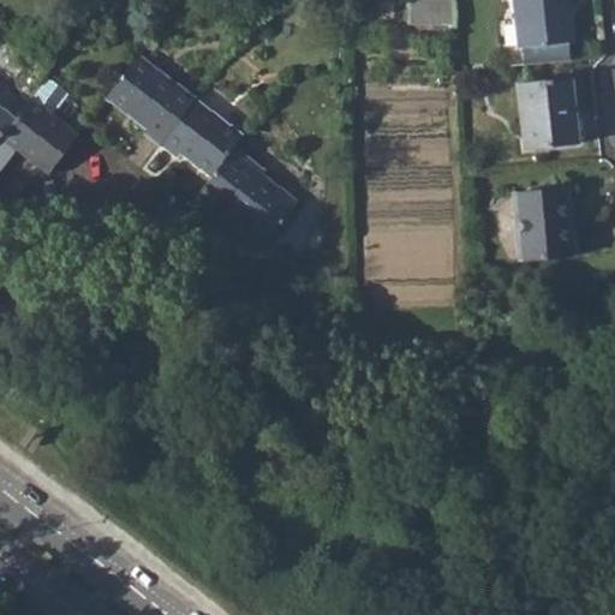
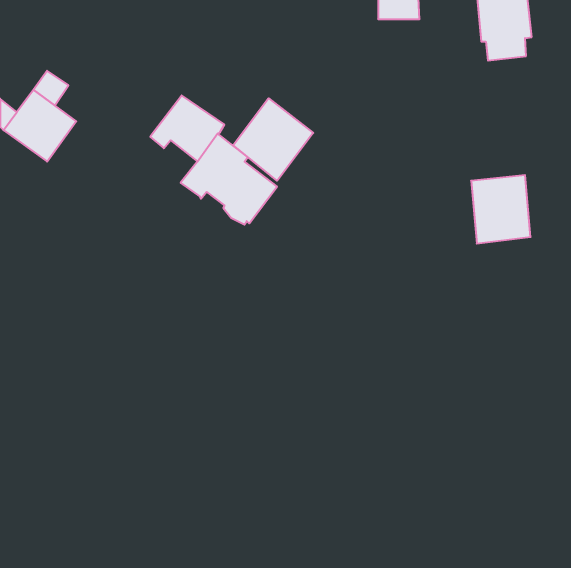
building: [109,55,197,147] -> none
building: [518,78,577,149] -> none
building: none -> [233,98,313,181]

